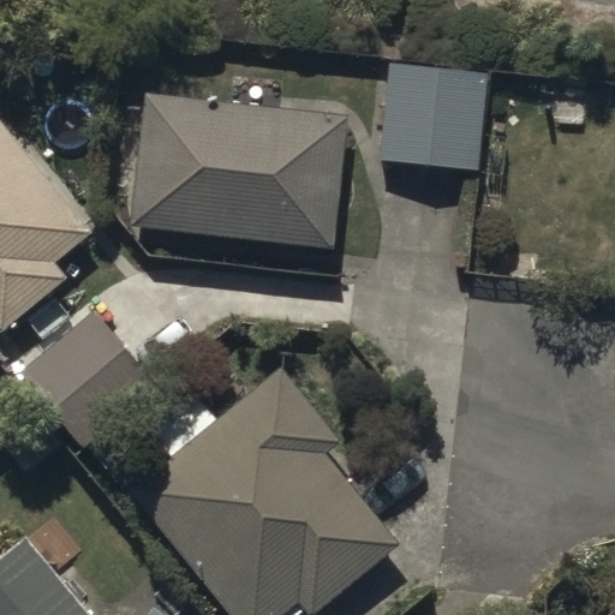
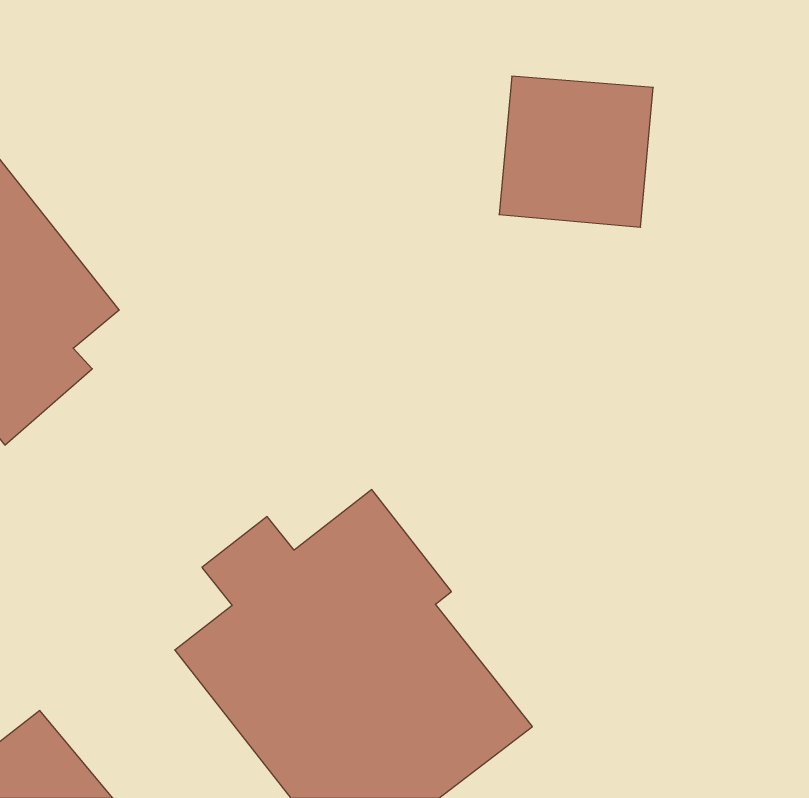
building: [129,95,344,252] -> none
building: [18,304,163,449] -> none

